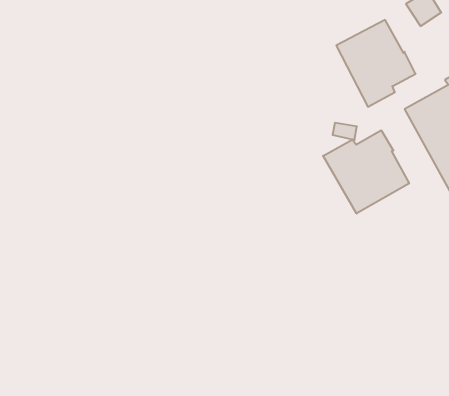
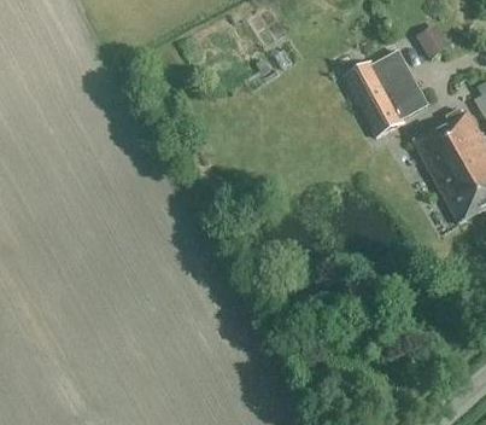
building: [323,130,409,214] -> none

